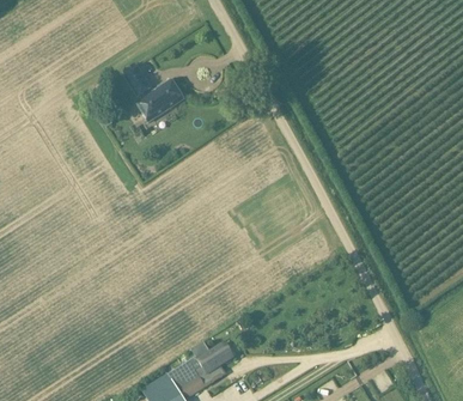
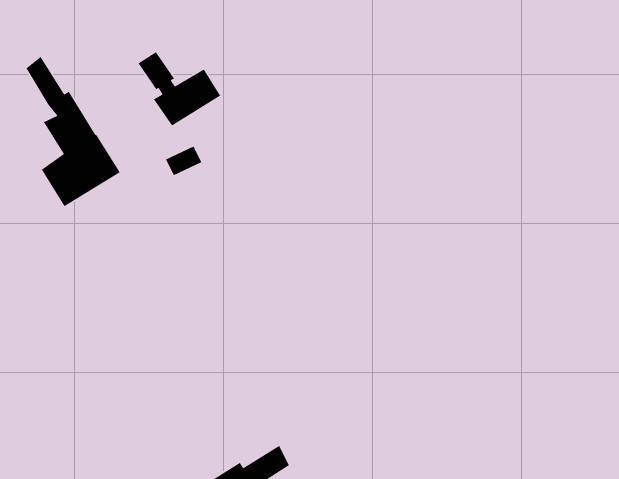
building: none -> [25,56,121,207]

